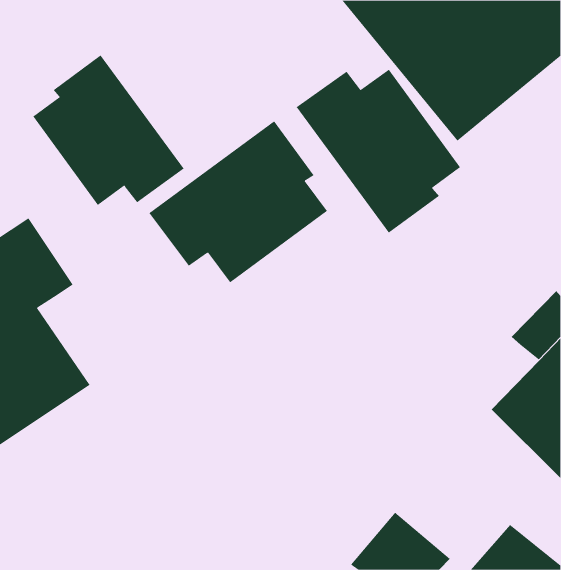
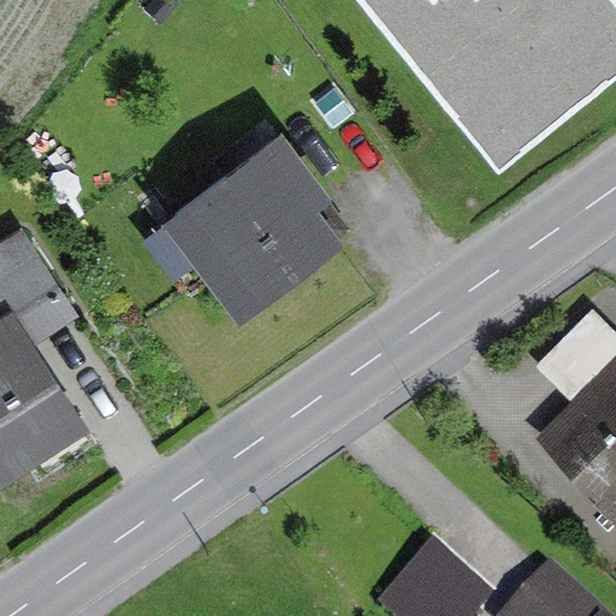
building: [32,55,185,206] -> none
building: [296,69,461,233] -> none

